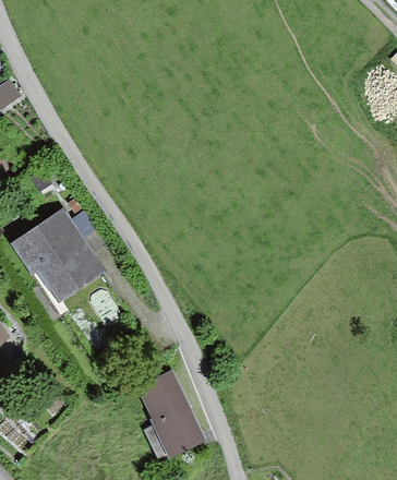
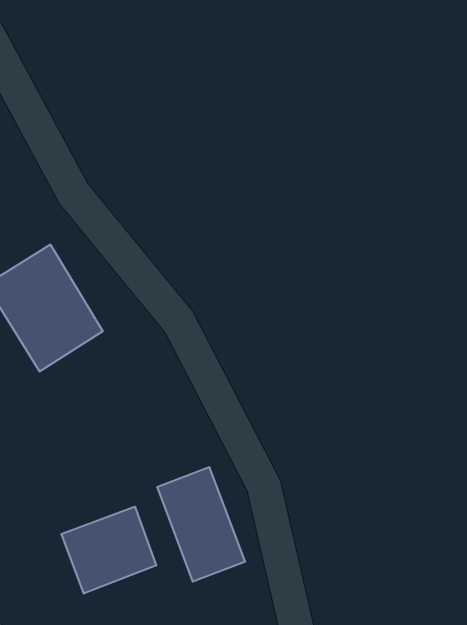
building: none -> [61,507,156,594]

